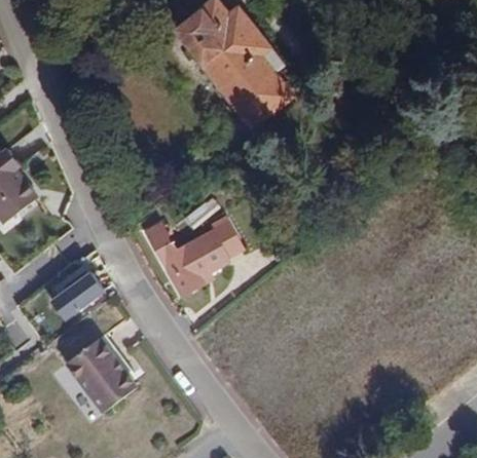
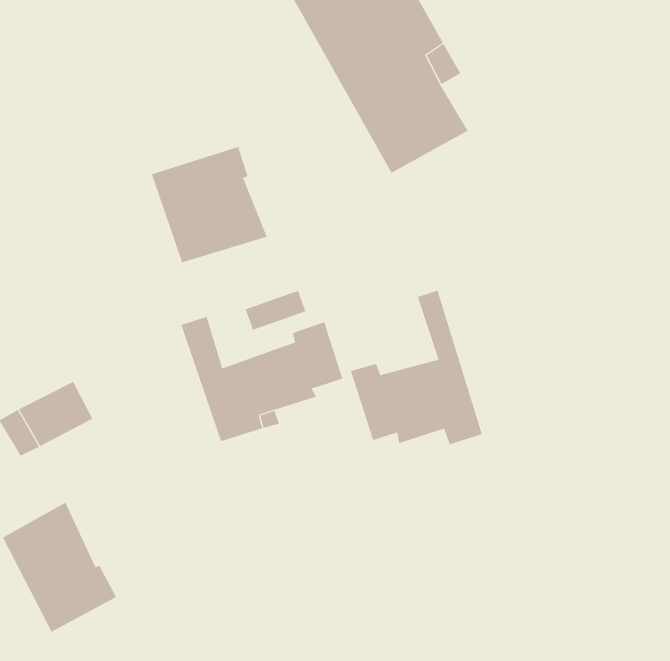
building: none -> [151,146,268,263]
building: none -> [350,290,483,445]

